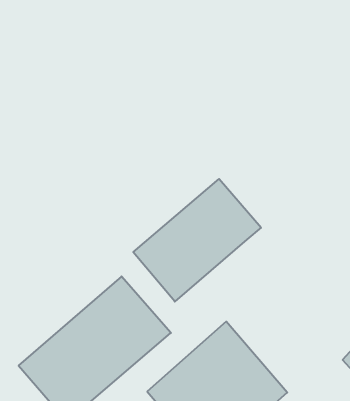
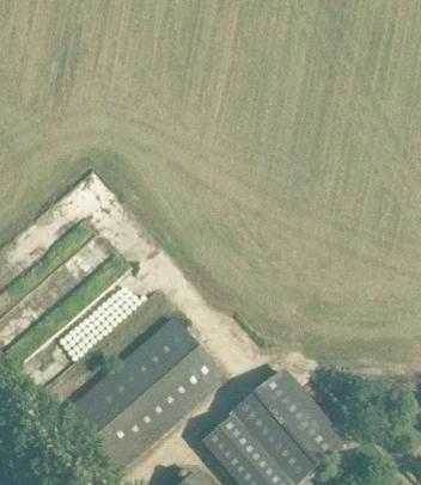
building: [133,179,261,302] -> none

